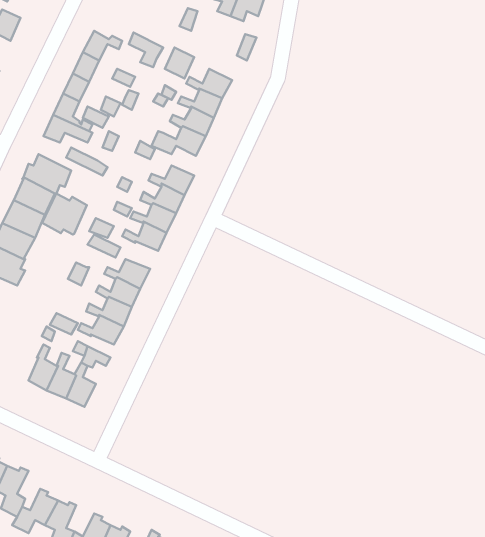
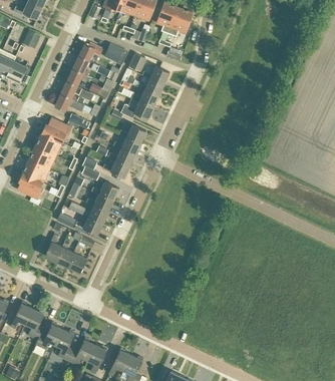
building: [42,193,87,235] -> none

